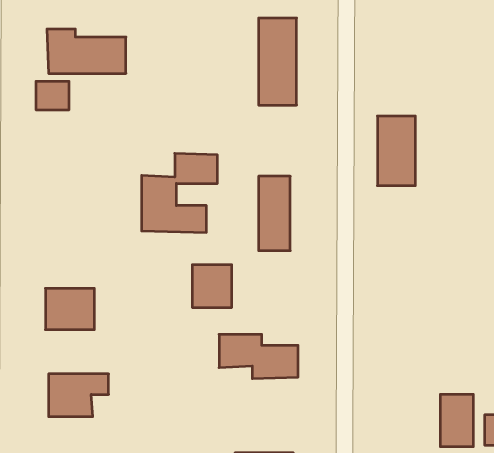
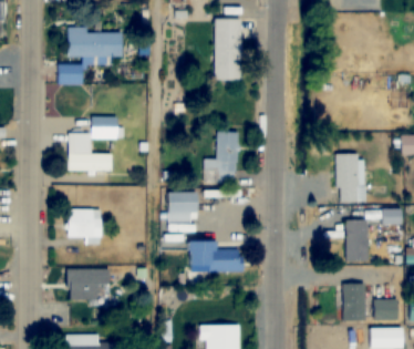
building: [377,116,415,186] -> [338,154,364,203]
building: [142,153,217,232] -> [68,116,121,172]
building: none -> [346,219,370,261]

